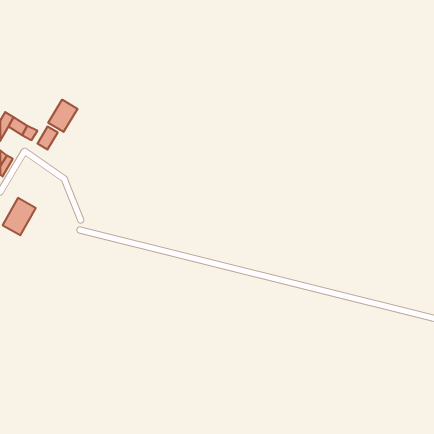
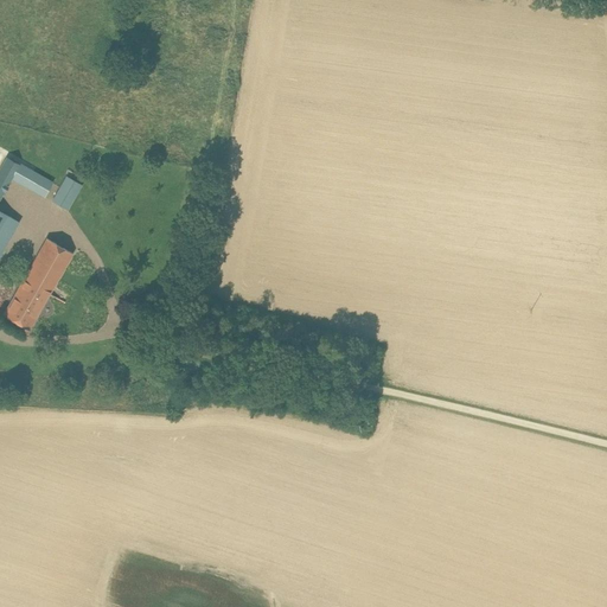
building: [48,100,77,132] -> none
building: none -> [25,238,72,290]

